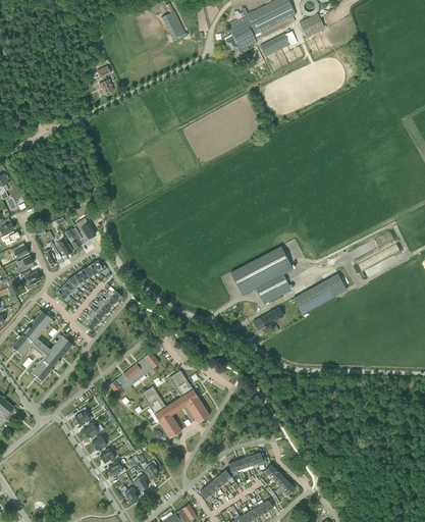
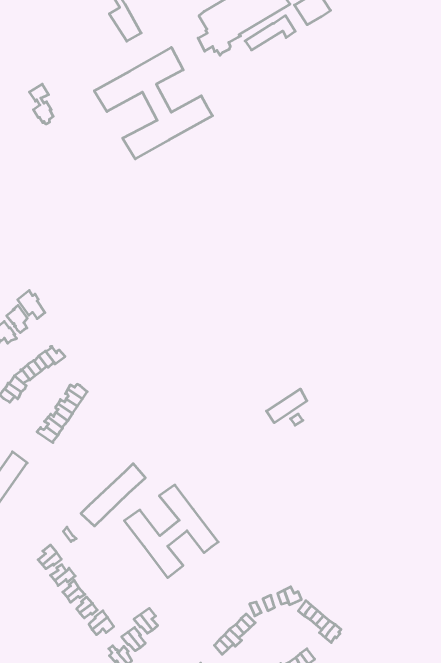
building: none -> [94,47,213,159]
building: [230,247,293,304] -> none
building: [293,273,347,314] -> none

